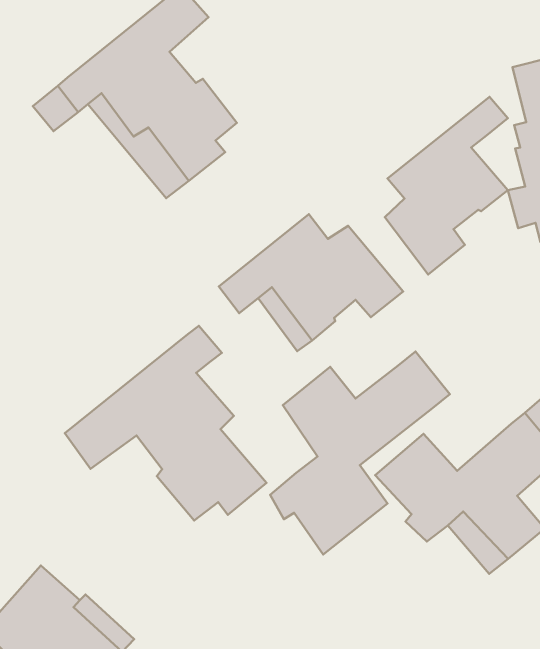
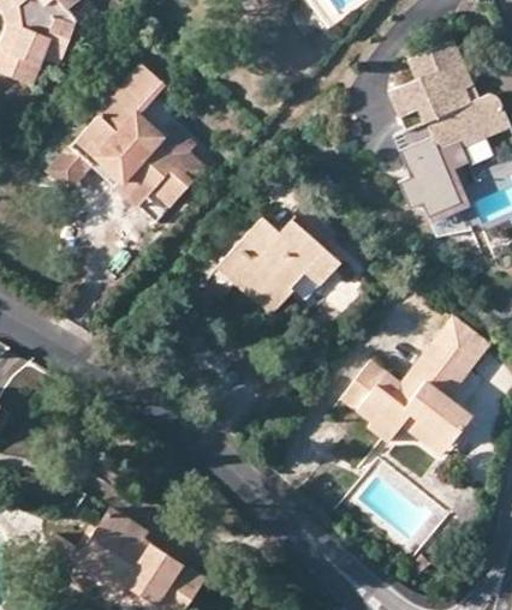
building: [385,97,508,275] -> none
building: [65,326,266,521] -> none
building: [270,351,450,554] -> none

